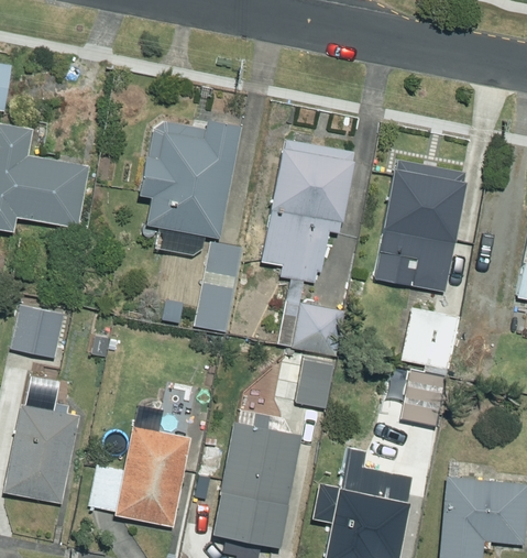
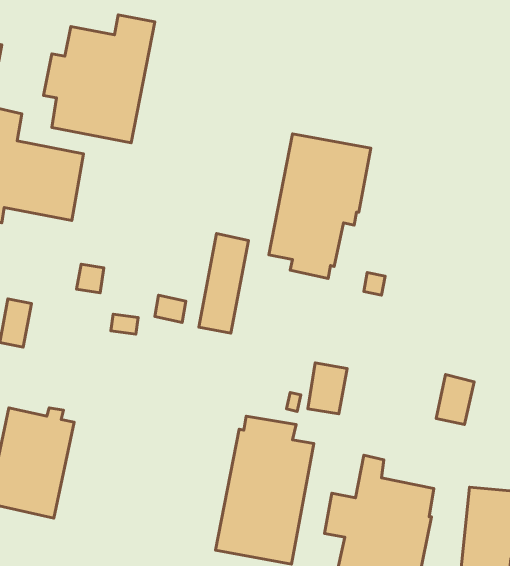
building: [138,120,241,239] -> [43,15,155,143]
building: [373,168,466,293] -> none
building: [292,304,344,357] -> none
building: [400,308,459,369] -> none
building: [113,426,190,528] -> none

